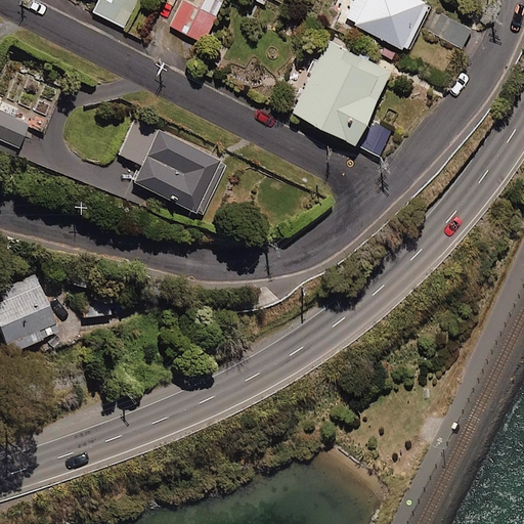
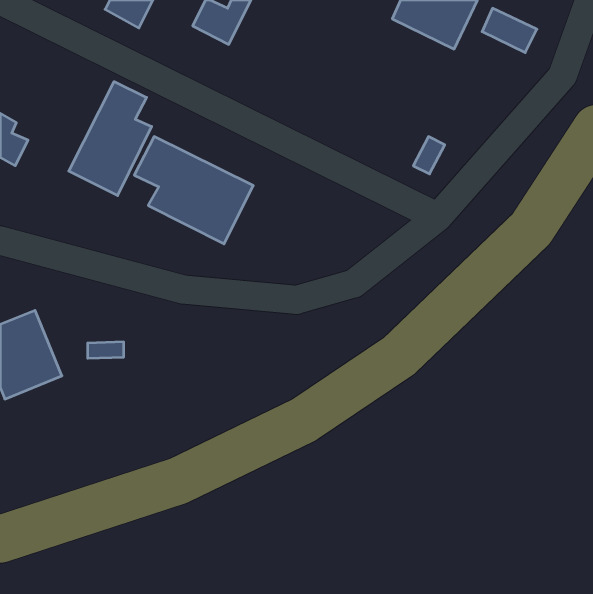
building: [293,38,390,139] -> none
building: none -> [69,82,152,196]

